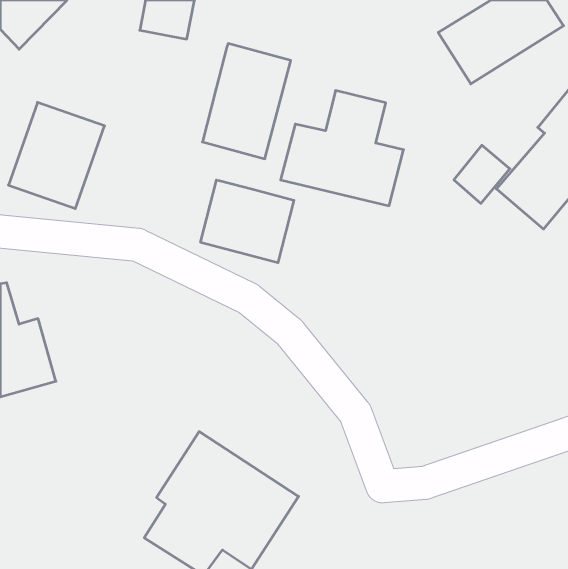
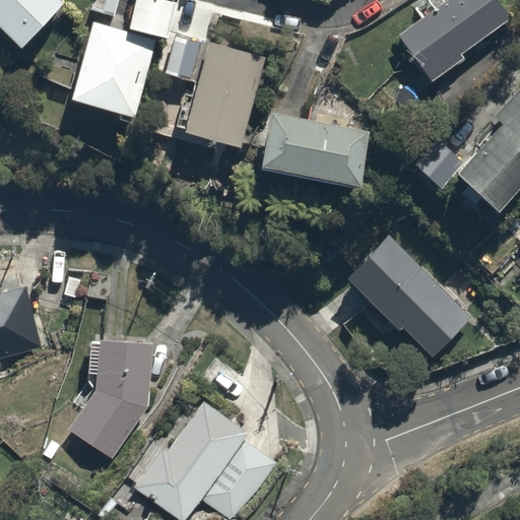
building: none -> [166,36,209,83]
building: [8,102,105,209] -> [67,22,154,119]
building: [201,180,294,263] -> none
building: none -> [348,235,476,358]
building: none -> [67,341,150,459]

